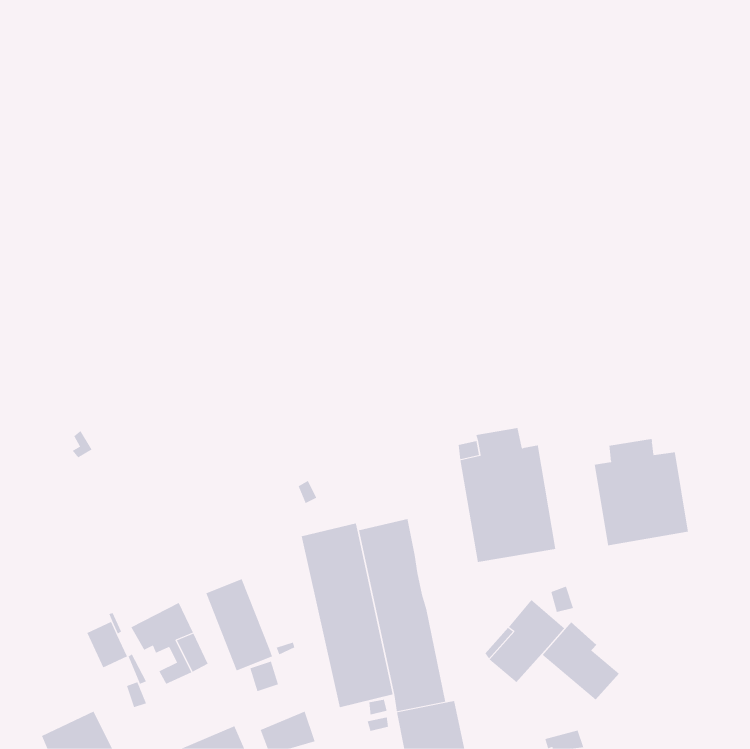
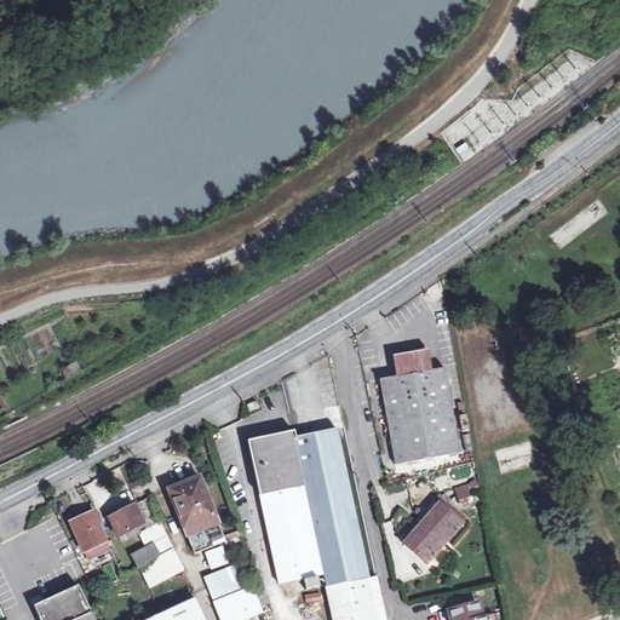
building: [594,438,688,546] -> none
building: [542,622,620,701] -> none
building: none -> [137,547,183,589]
building: none -> [205,562,252,602]

